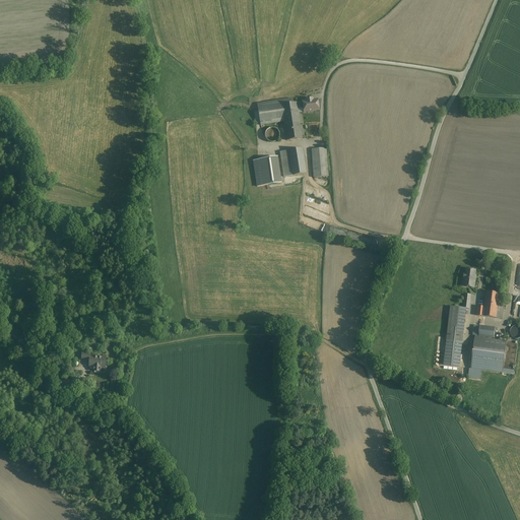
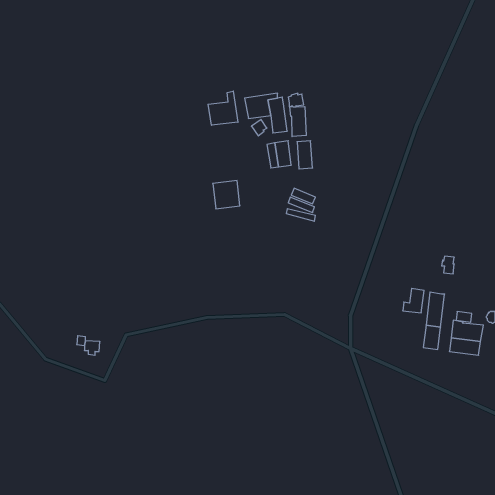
building: none -> [208,91,238,125]
building: none -> [290,107,306,137]
building: [252,155,280,185] -> [213,181,240,209]
building: [476,291,499,317] -> [403,288,424,313]

